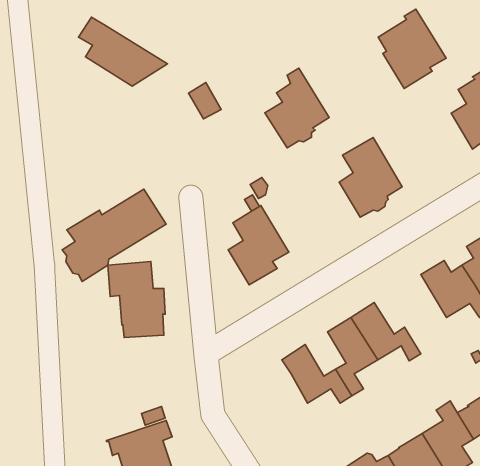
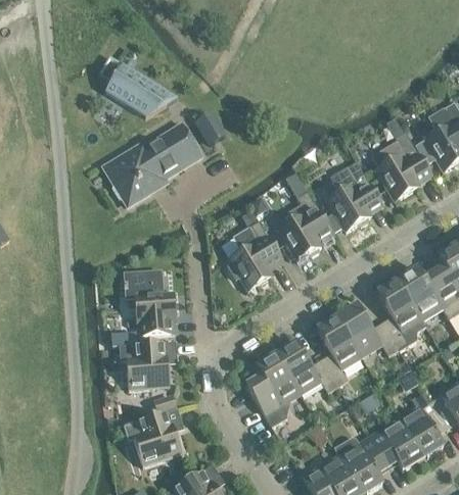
building: [378,9,446,89] -> [372,132,431,201]
building: [265,68,329,148] -> [278,191,334,260]
building: [62,189,166,281] -> [110,125,201,205]
building: none -> [378,281,421,350]
building: none -> [119,342,176,390]
building: none -> [244,355,300,428]

